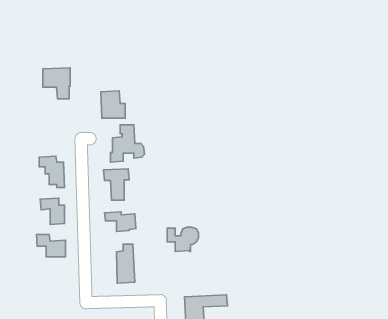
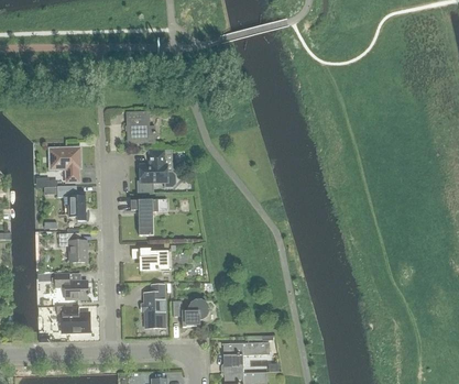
building: [43,68,70,99] -> [50,146,80,182]
building: [167,227,198,251] -> [173,299,208,327]
building: none -> [56,305,88,331]

